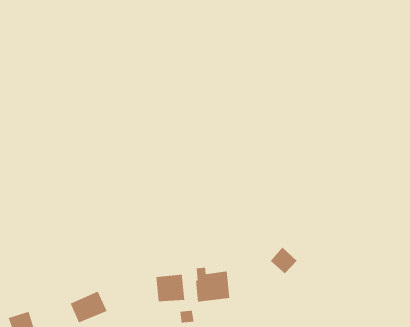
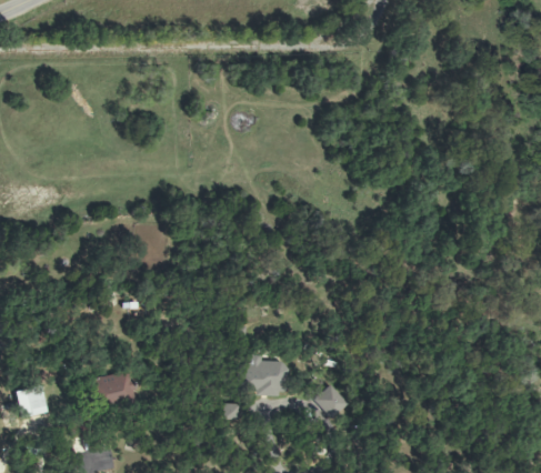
building: [270,247,298,274] -> [314,385,348,419]
building: [156,274,185,302] -> none

